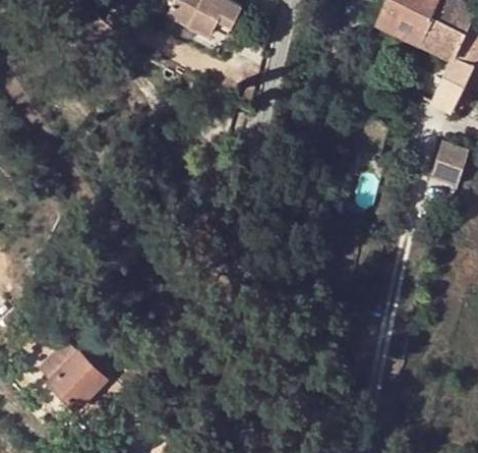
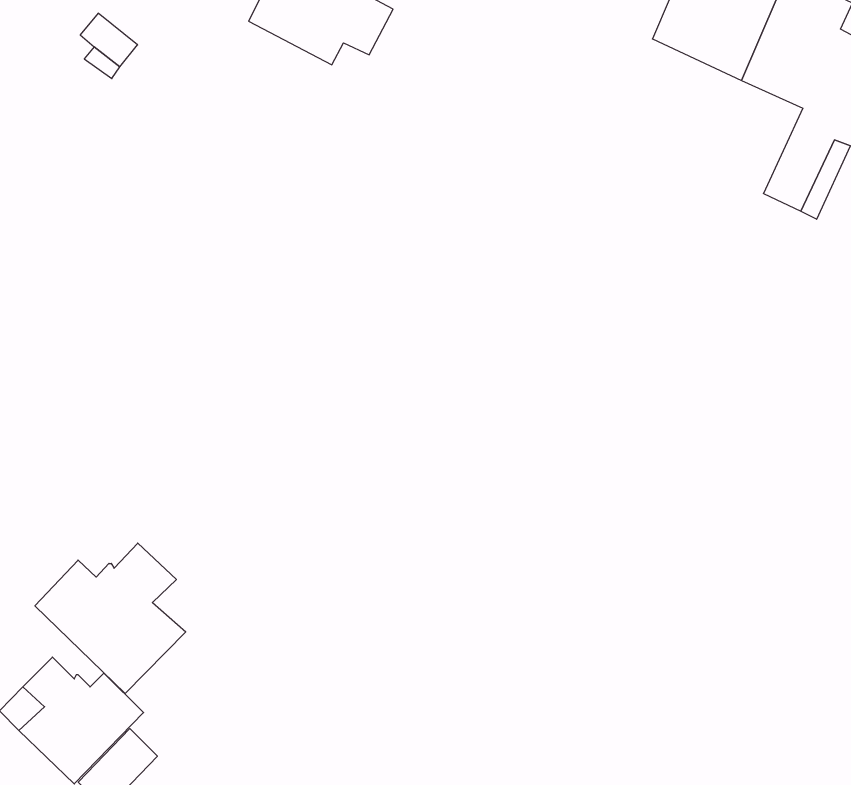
building: [428,141,466,185] -> none
building: none -> [35,543,186,694]

